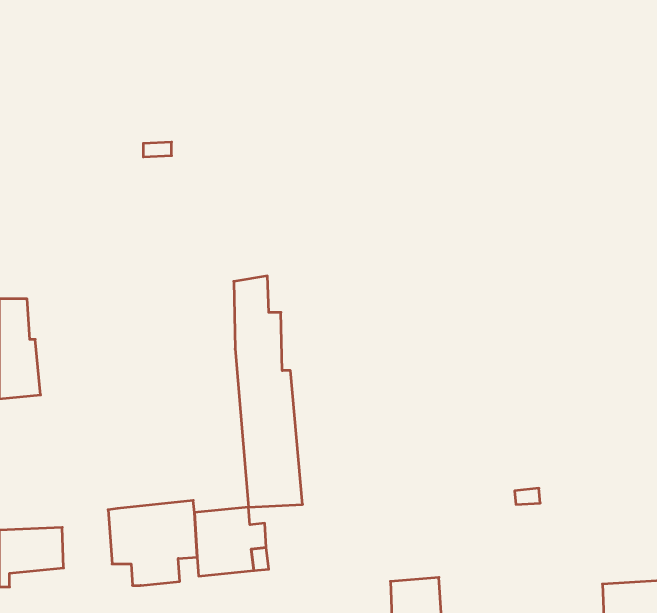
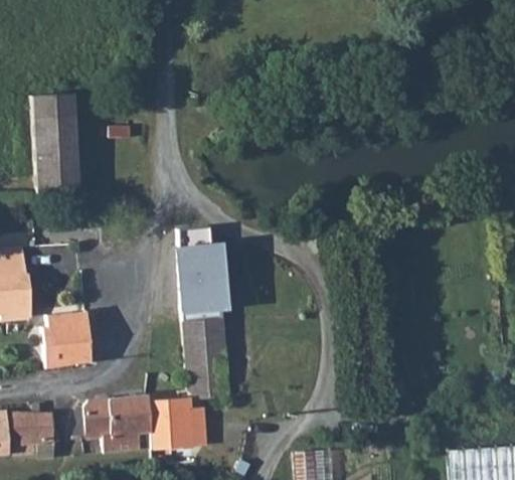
building: none -> [29,93,79,191]
building: none -> [41,310,90,368]

